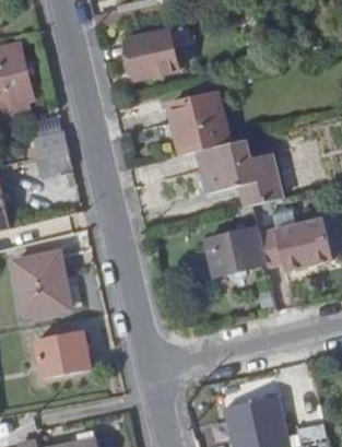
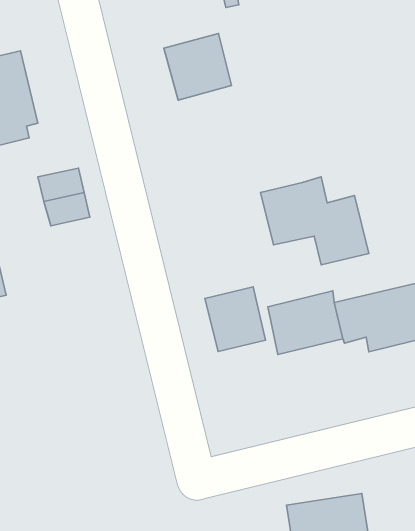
building: [170,92,232,155] -> none
building: none -> [205,287,266,351]
building: [14,255,69,319] -> none
building: [36,333,86,378] -> none

